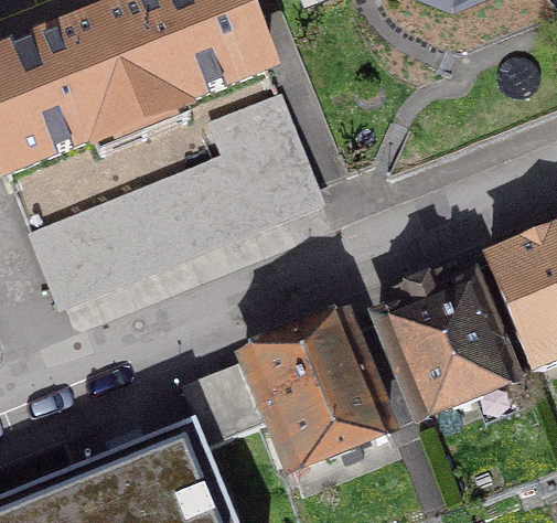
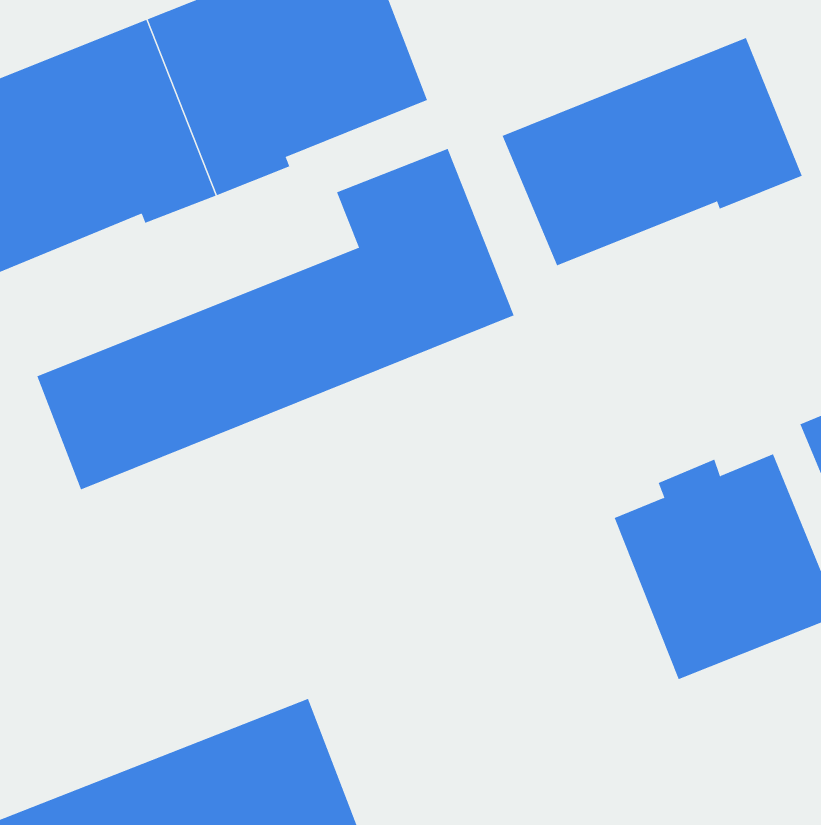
building: none -> [502,37,803,266]
building: [244,321,387,469] -> none

